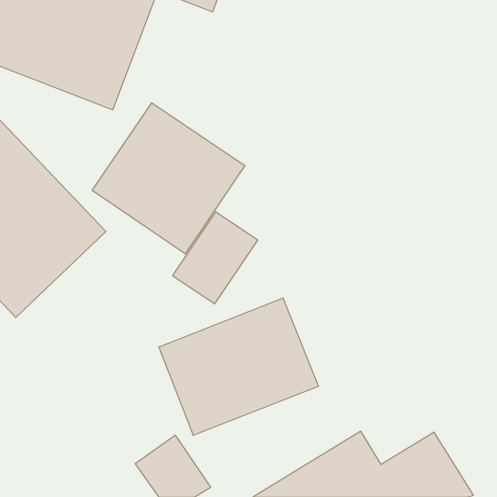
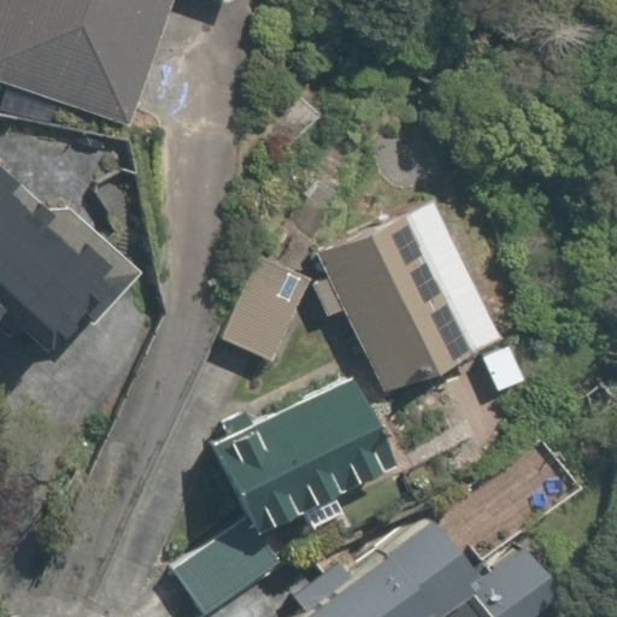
building: [92,103,245,254] -> none
building: none -> [308,182,518,415]

